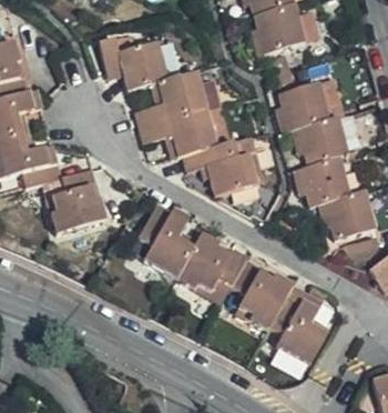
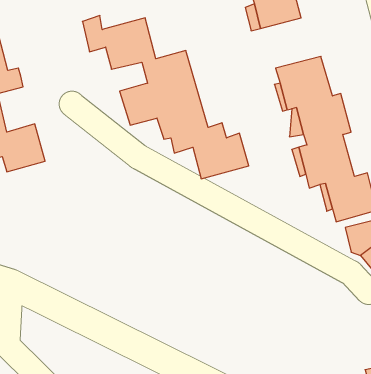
building: [50,170,105,231] -> none
building: [136,202,325,363] -> none

